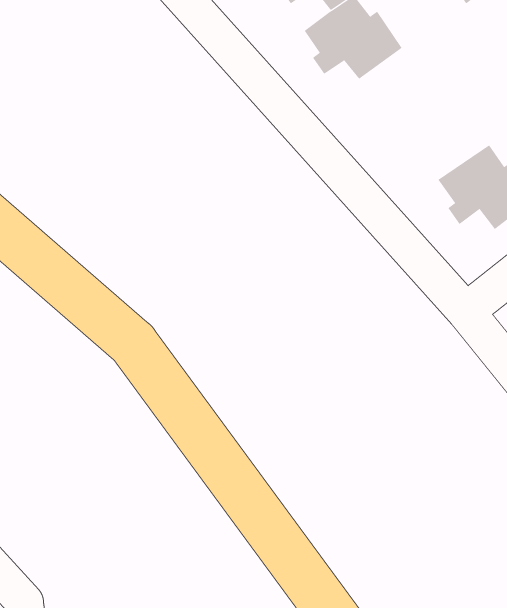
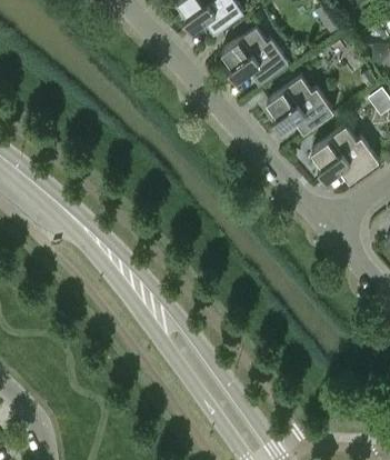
building: none -> [267,79,333,136]

